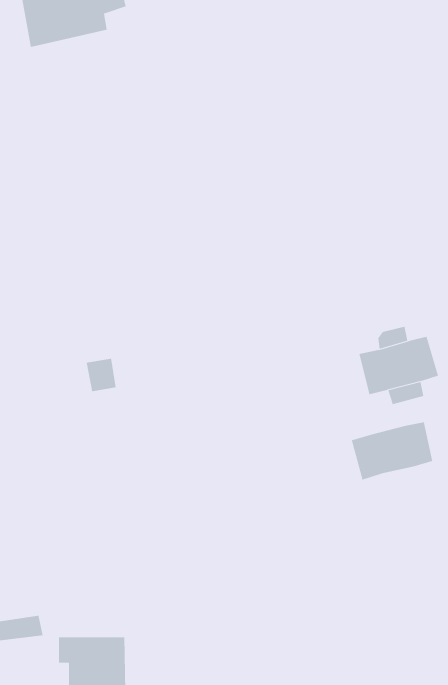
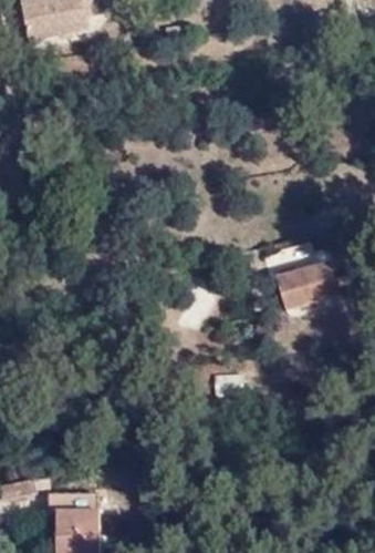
building: [351,422,433,480] -> none

